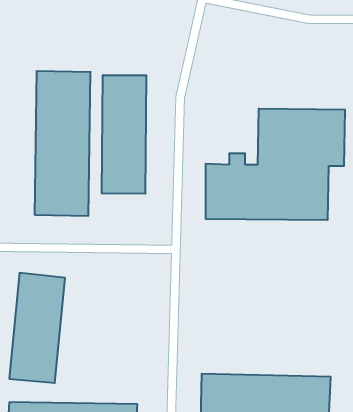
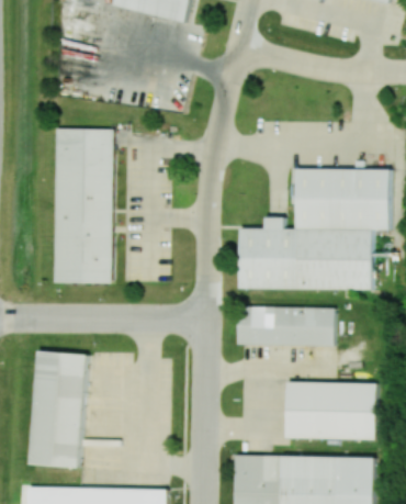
building: [102,75,146,194] -> none
building: none -> [237,306,334,346]
building: none -> [285,381,376,440]

